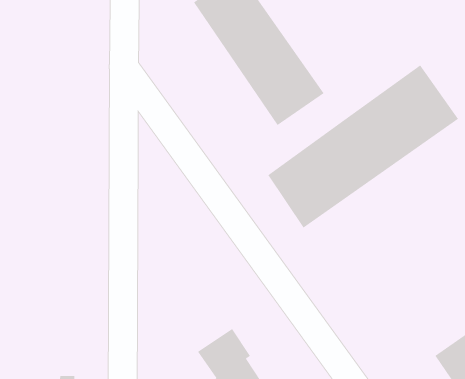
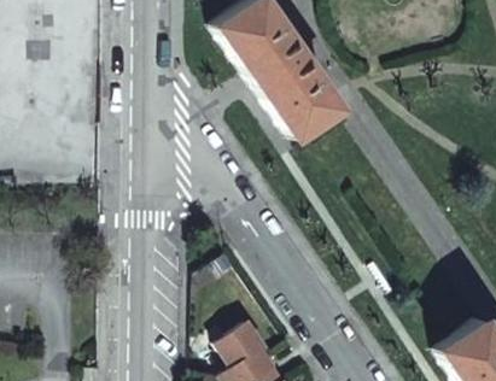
building: [268,65,459,229] -> none

